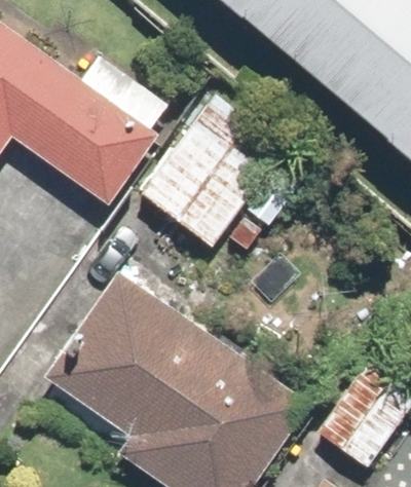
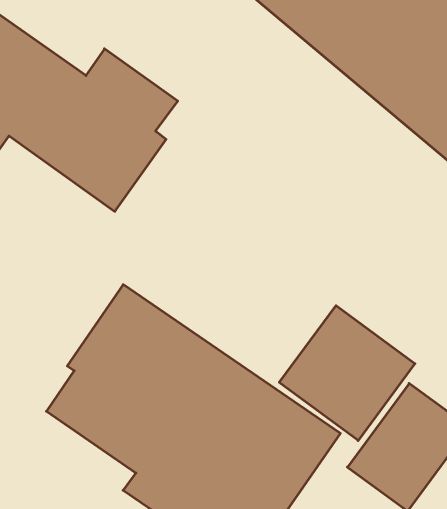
building: [137,117,271,251] -> none
building: none -> [279,306,415,441]

